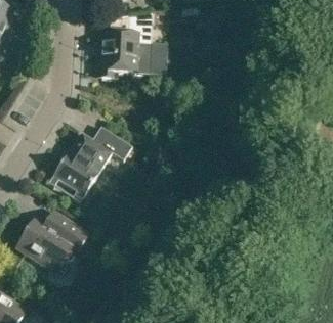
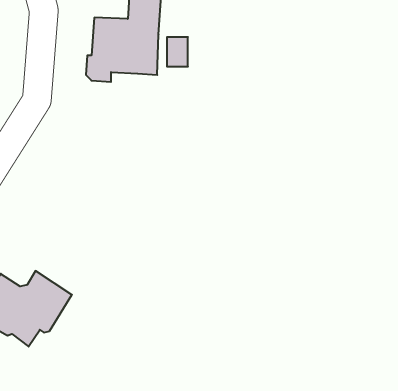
building: [47,126,131,201] -> none

